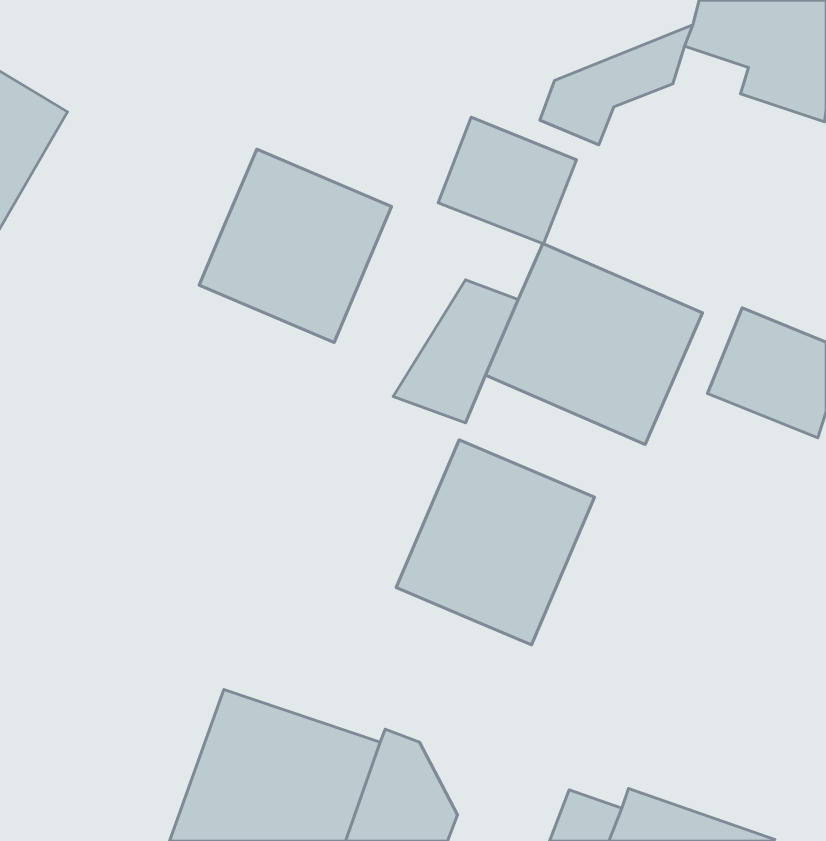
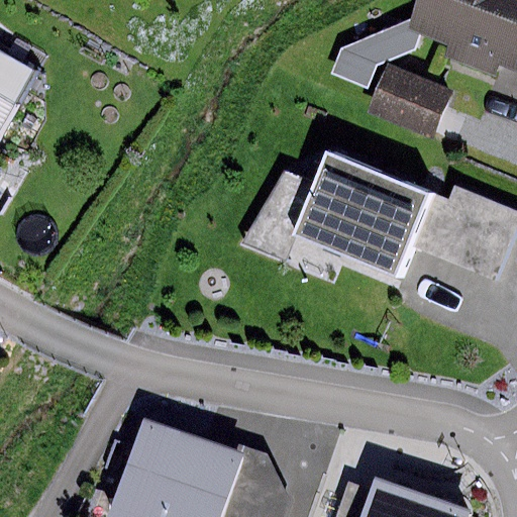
building: [438,117,577,244] -> [370,65,454,142]
building: [199,149,392,343] -> none
building: [396,440,594,645] -> none

